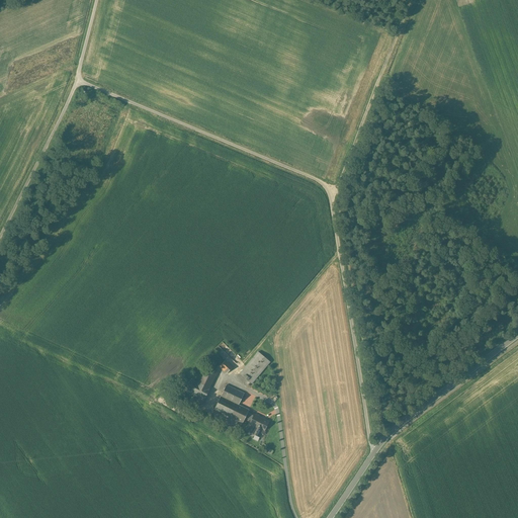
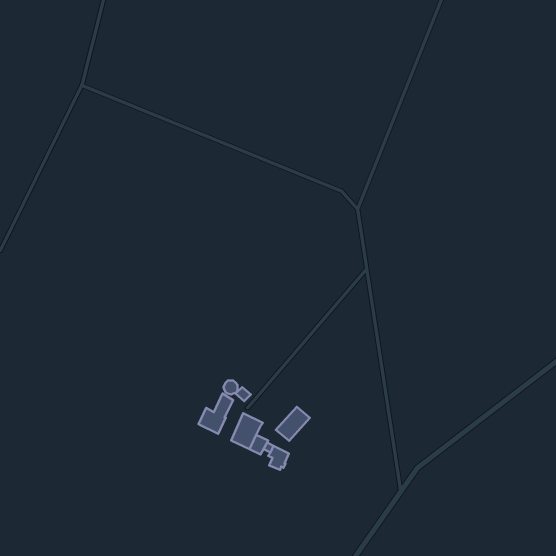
building: [240,351,271,382] -> [276,407,310,441]

